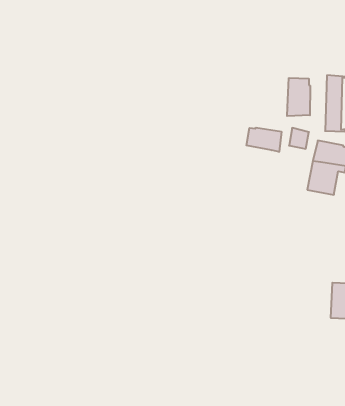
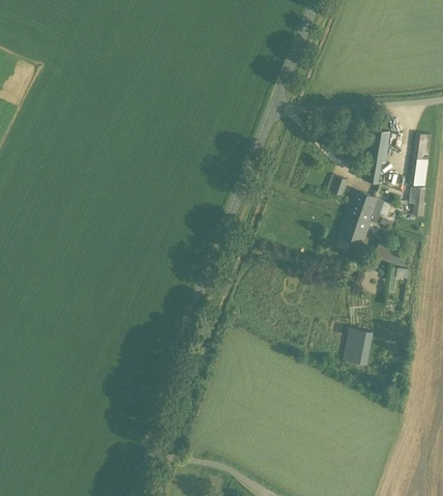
building: [287,78,310,116] -> none
building: [246,128,281,152] -> none

